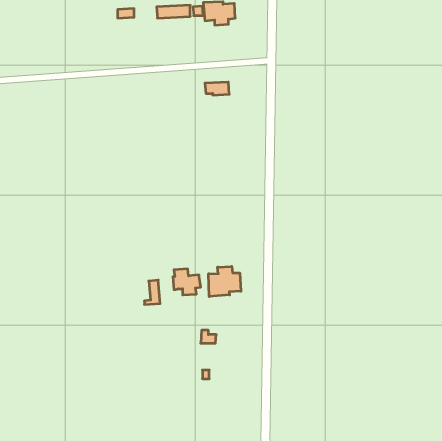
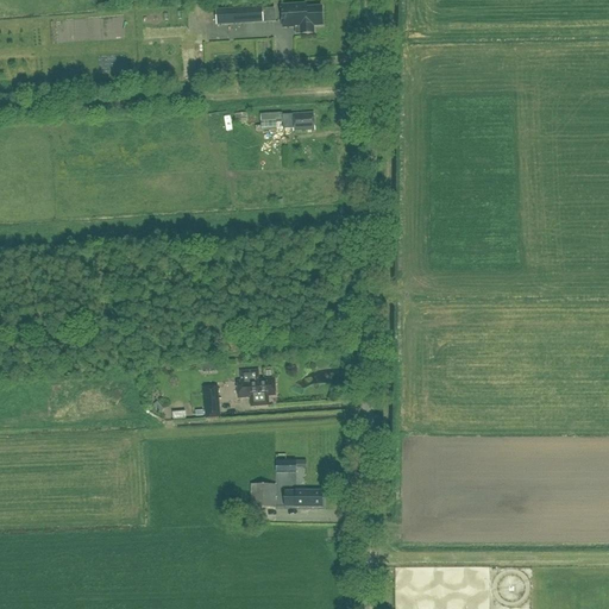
building: [209,266,241,297] -> none
building: none -> [252,484,276,508]
building: none -> [284,490,322,507]

